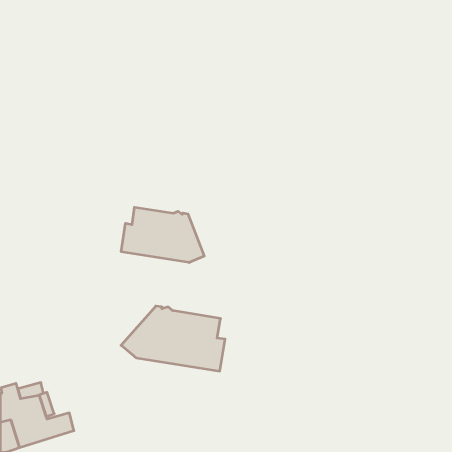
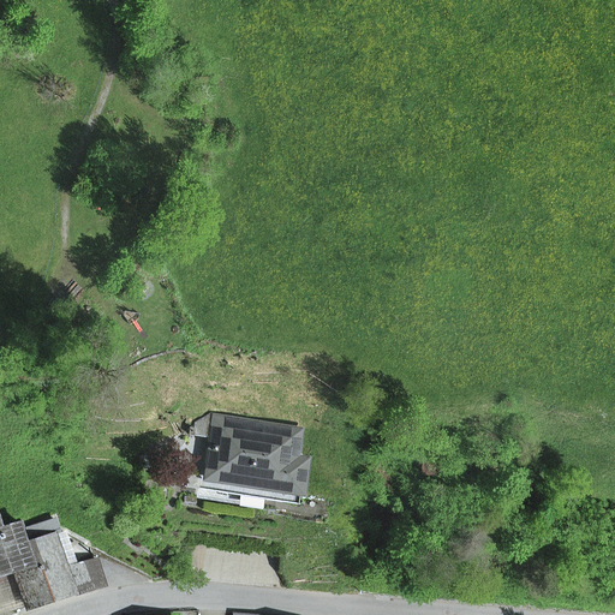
building: [121,207,204,263] -> none

